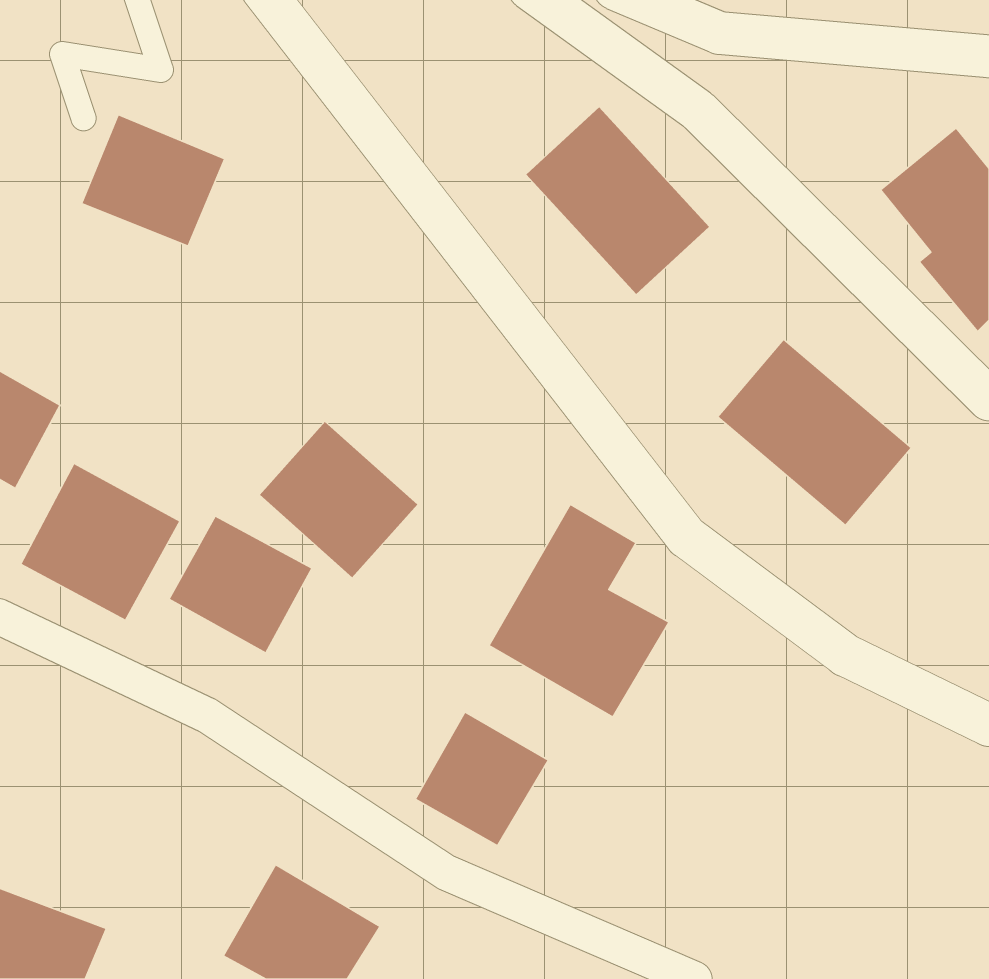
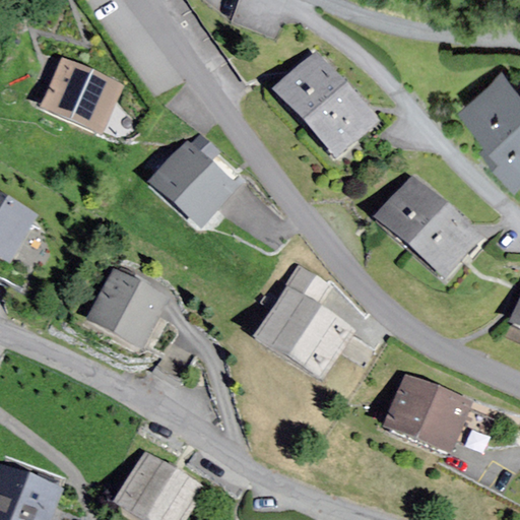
building: [259,421,418,578] -> [151,142,235,224]
building: [20,463,180,620] -> none
building: [415,712,549,846] -> none
building: none -> [385,377,466,451]

